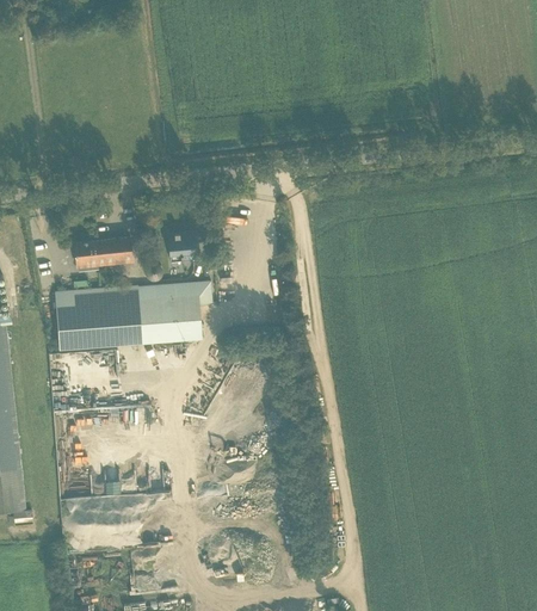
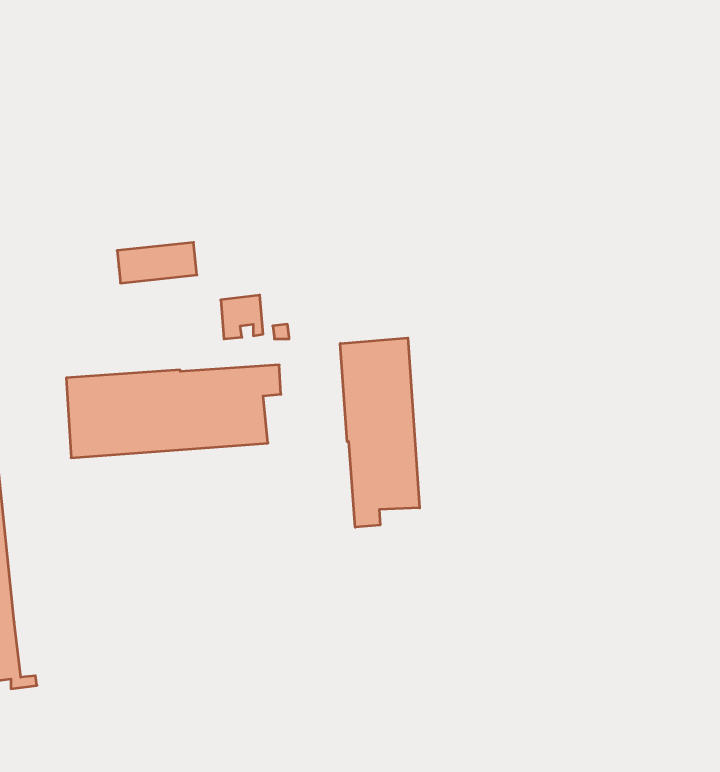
building: [75,237,134,267] -> [117,242,197,283]
building: none -> [340,338,420,527]

